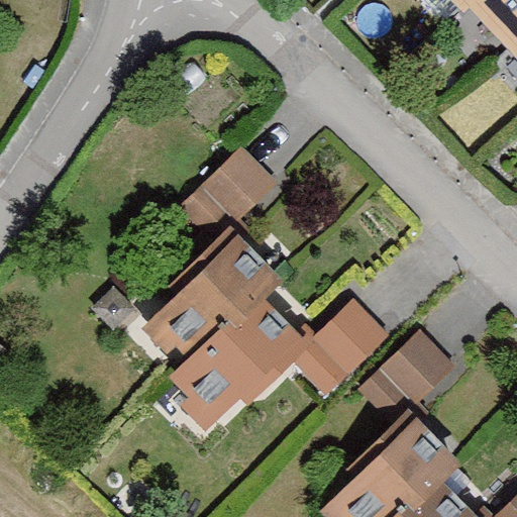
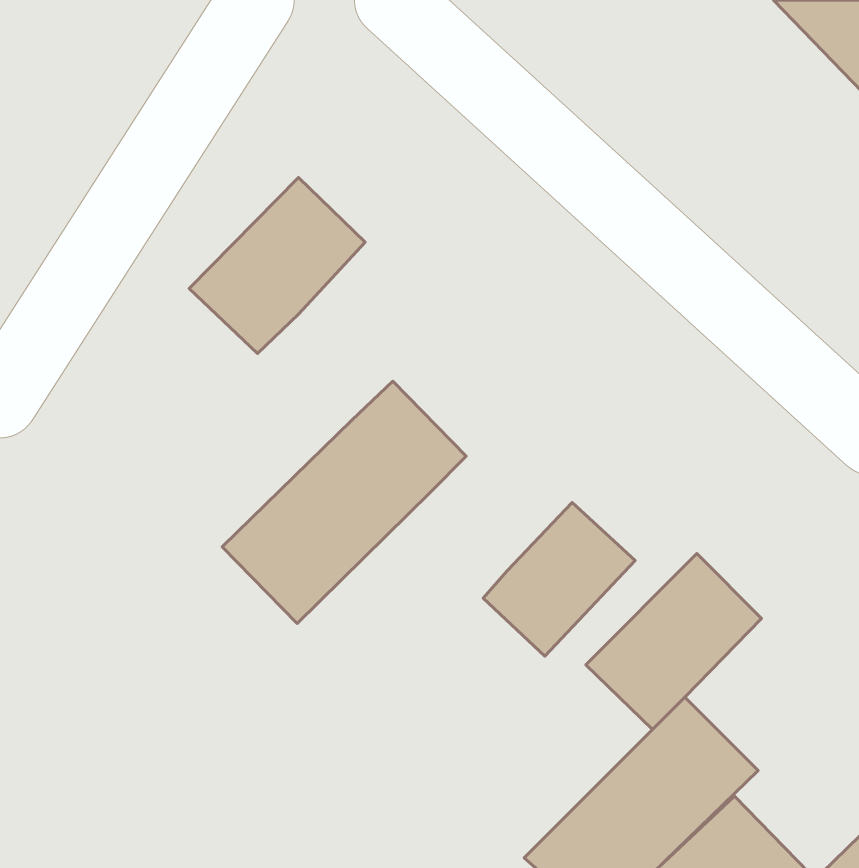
building: [176,147,280,251] -> [189,177,365,353]
building: [169,294,308,433] -> none

